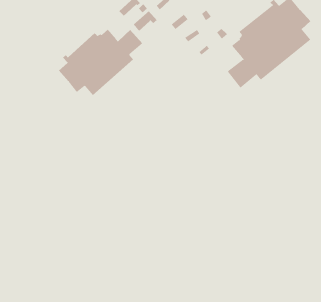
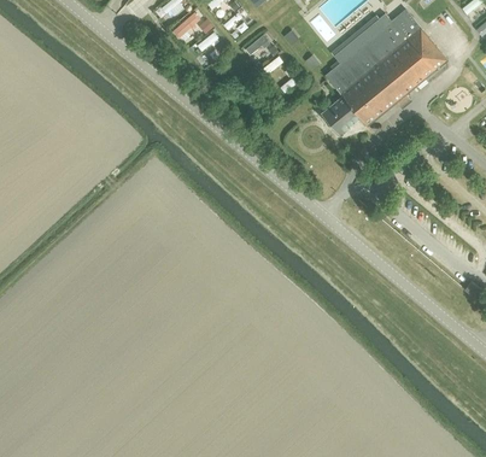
building: [58,29,143,96] -> none

